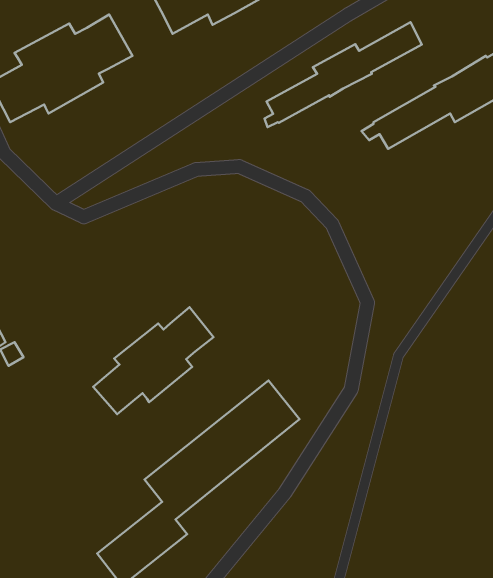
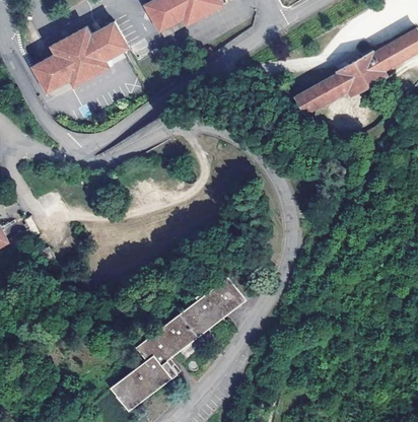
building: [265,22,422,127] -> none
building: [93,307,213,414] -> none

